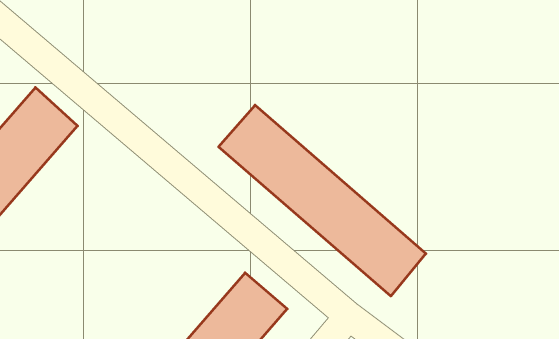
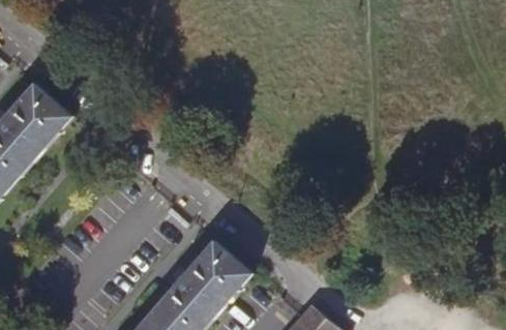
building: [219,105,426,296] -> none

